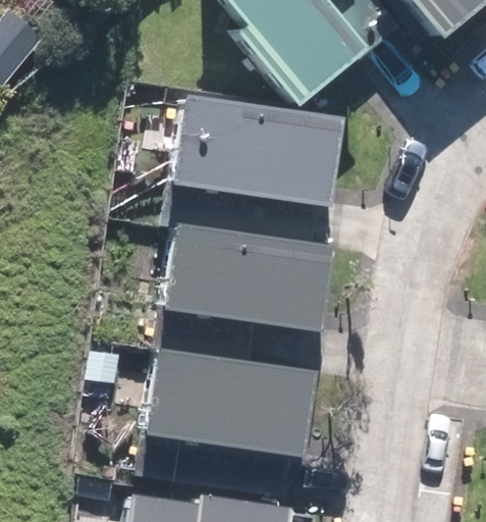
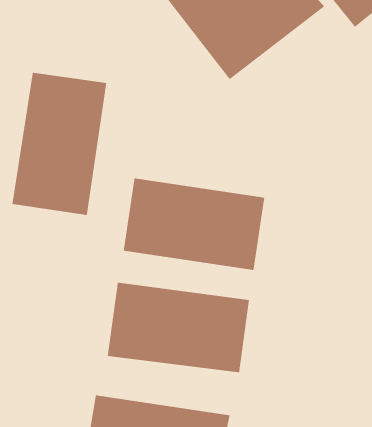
building: none -> [12,72,107,216]
building: [172,96,344,207] -> none

